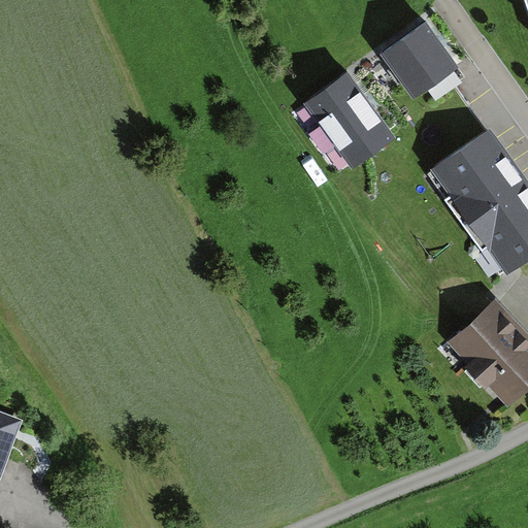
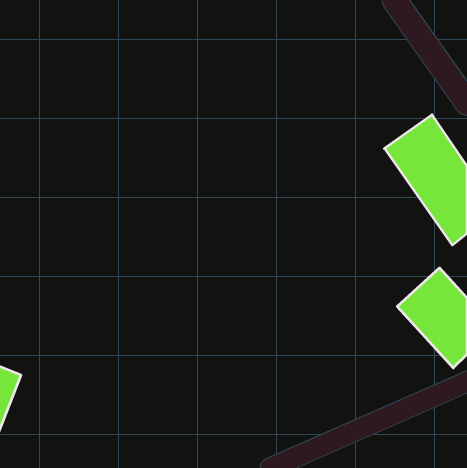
building: [381,22,457,100] -> none
building: [302,73,391,169] -> none

